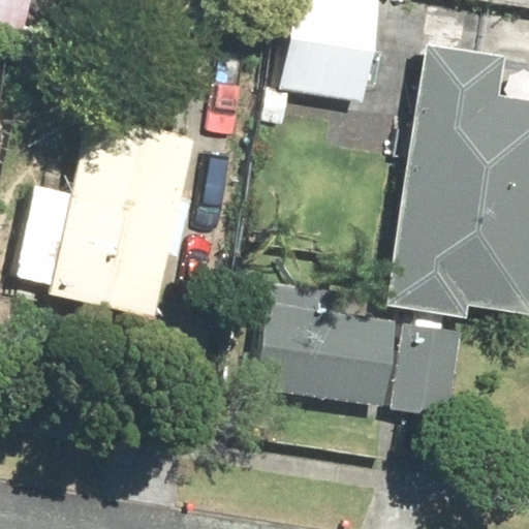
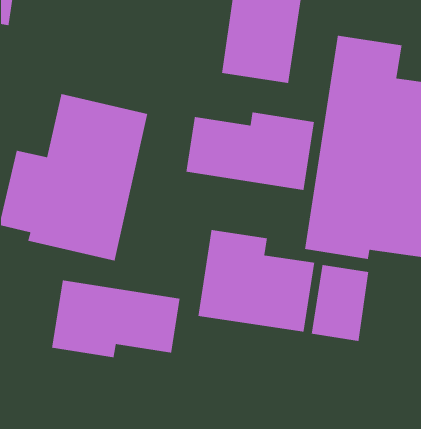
building: none -> [186,111,315,191]
building: none -> [51,279,180,358]

